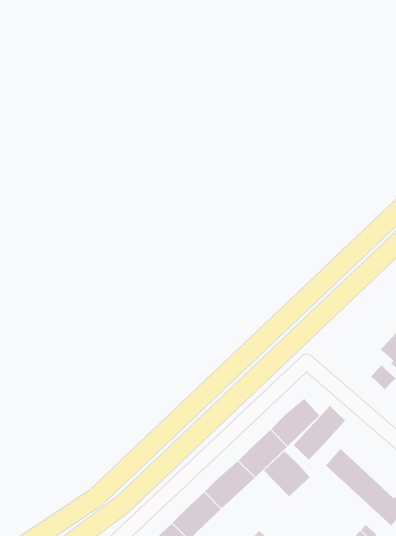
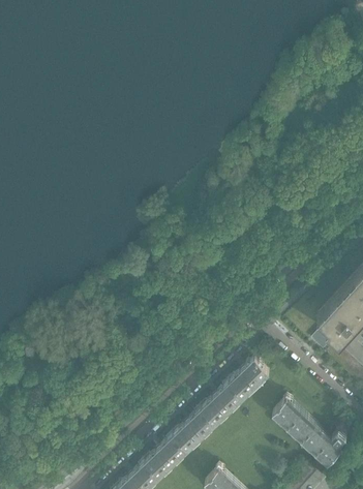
building: [293,405,346,461] -> none
building: [263,450,311,497] -> none

